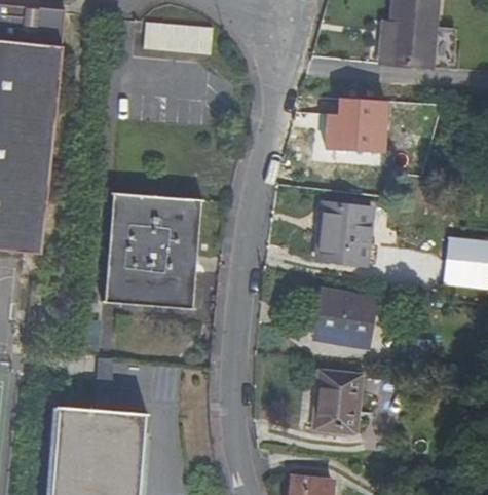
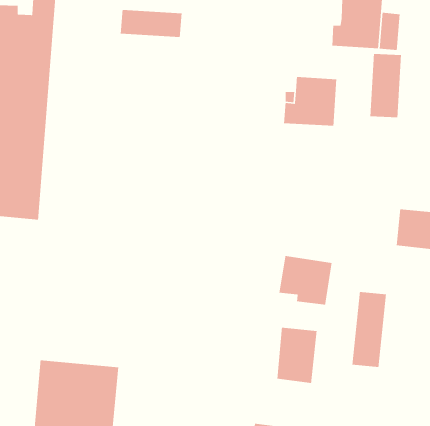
building: none -> [369,53,402,118]
building: [104,194,201,309] -> none
building: [318,206,372,267] -> none
building: none -> [351,291,387,368]

